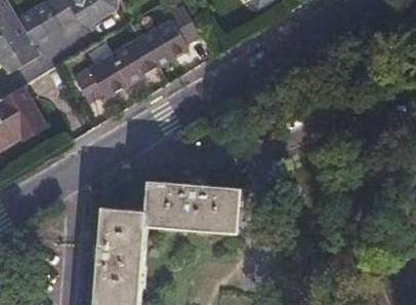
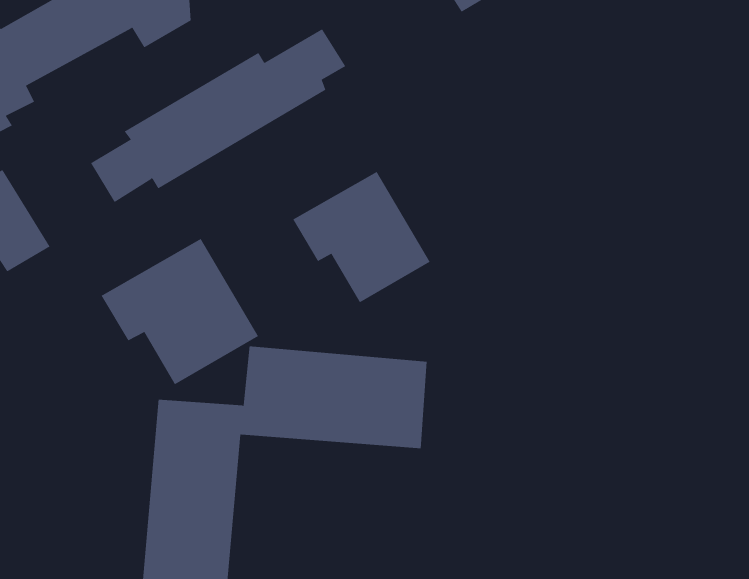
building: none -> [293,171,431,303]
building: none -> [101,238,259,385]

